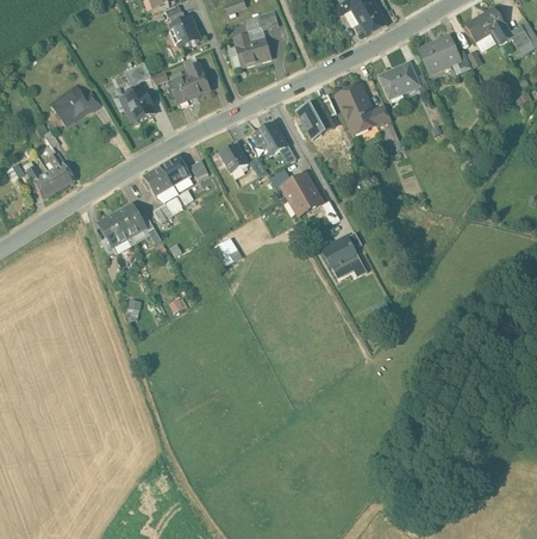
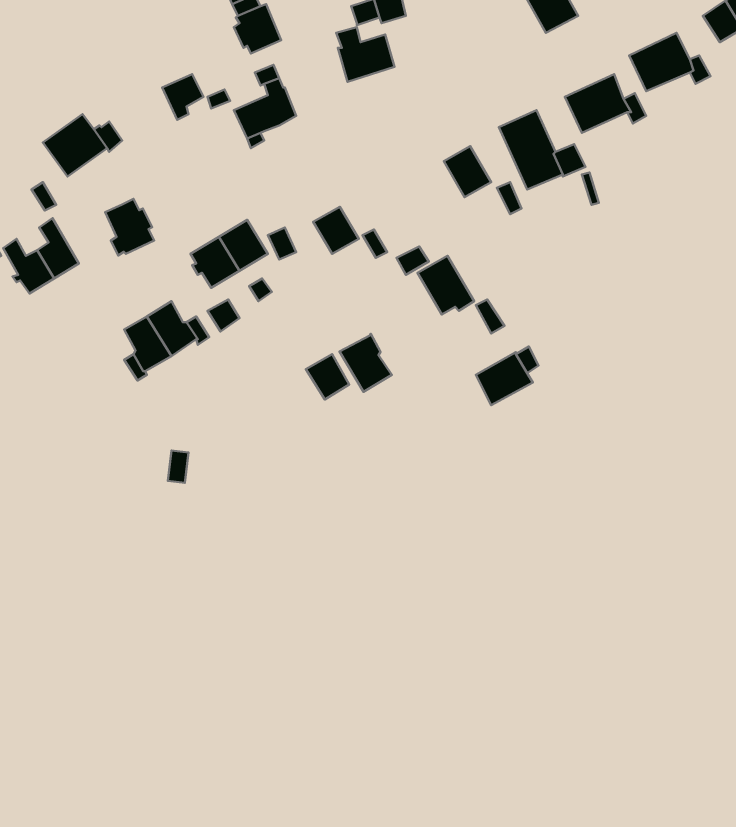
building: [123,86,154,122] -> [105,199,154,256]
building: [252,123,286,155] -> none
building: none -> [339,334,392,392]

